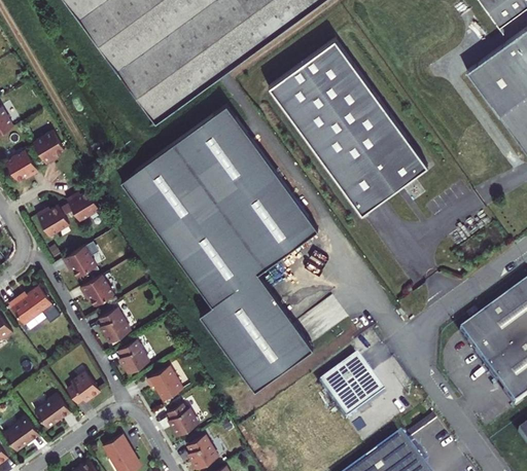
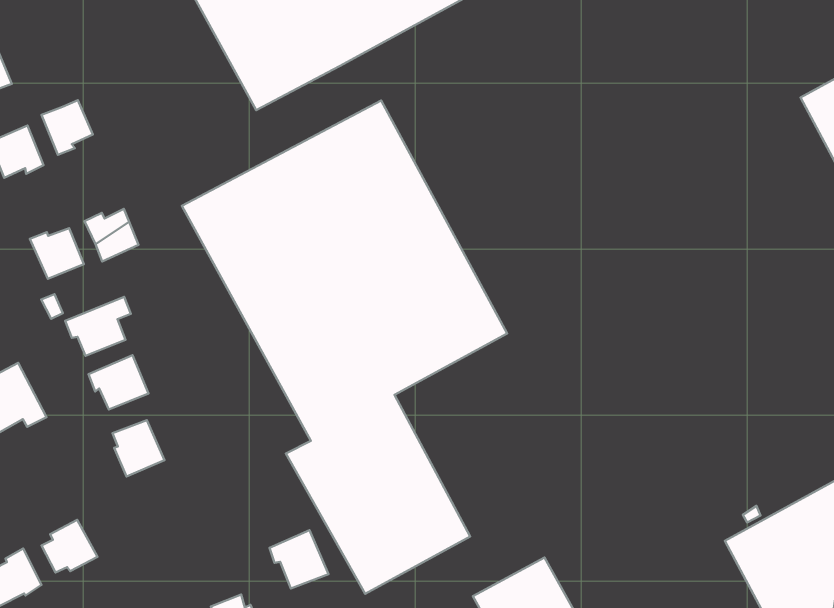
building: [270,40,426,214] -> none
building: [118,338,149,372] -> none
building: [147,364,183,399] -> [269,530,329,589]

